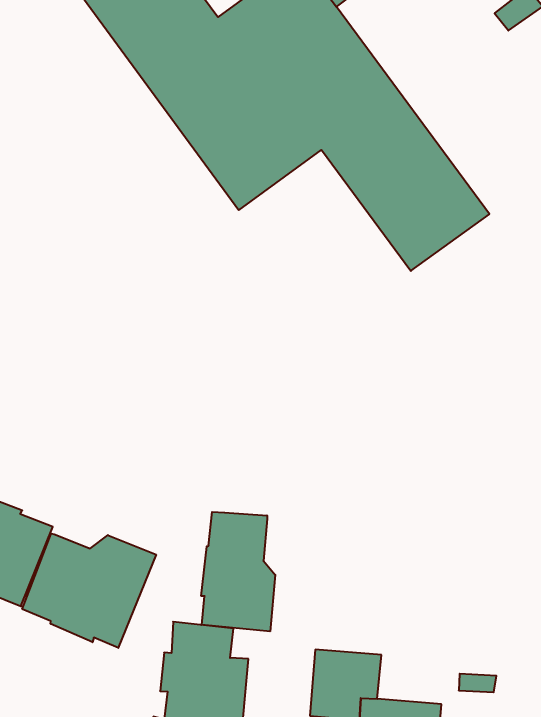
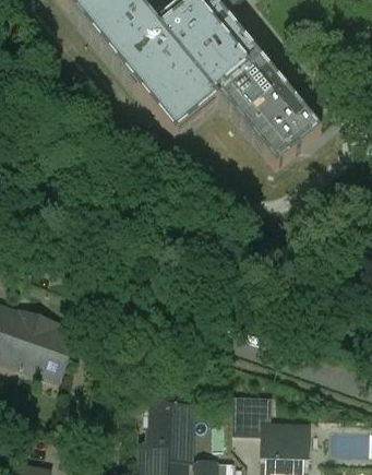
building: [201,512,275,631] -> none
building: [22,534,156,648] -> none

